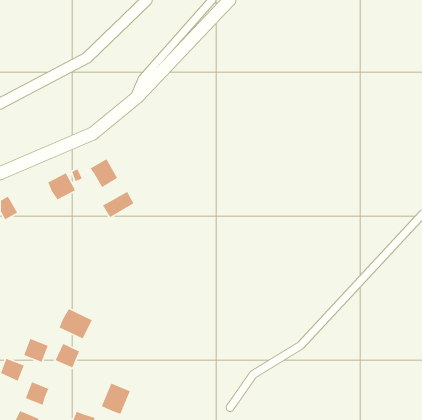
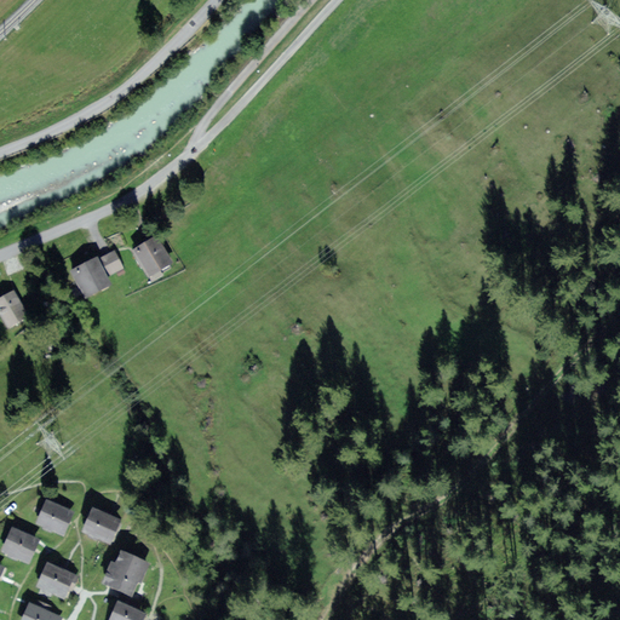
building: [102,191,135,218] -> none
building: [59,308,93,340] -> none
building: [101,383,131,415] -> [101,549,144,596]

